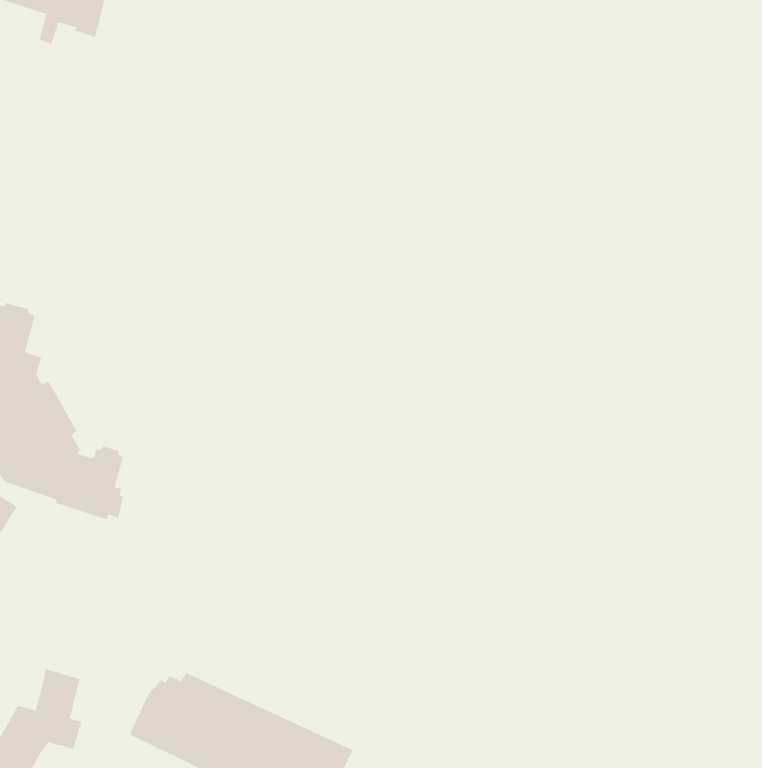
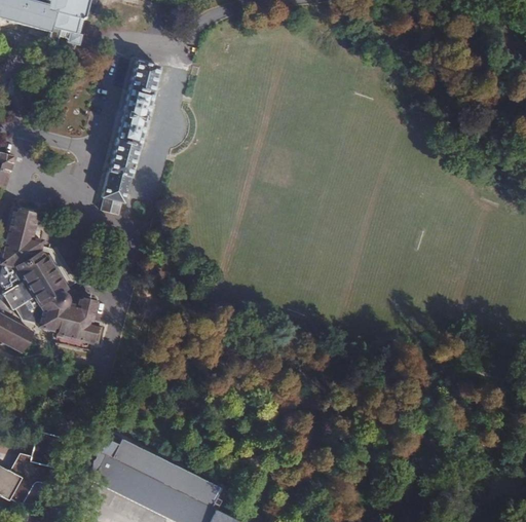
building: none -> [100,60,158,212]

